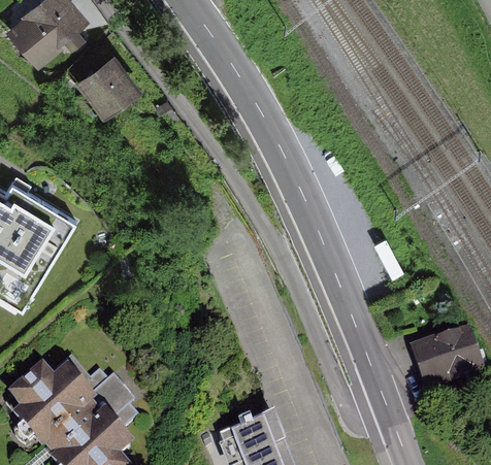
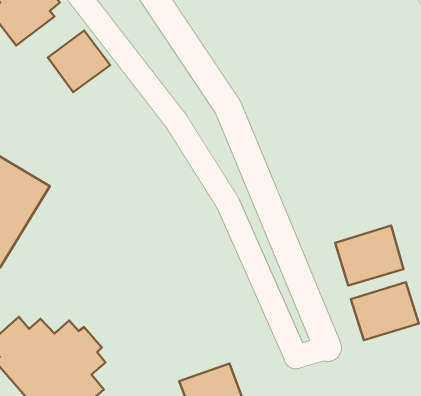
building: none -> [335,225,404,286]

